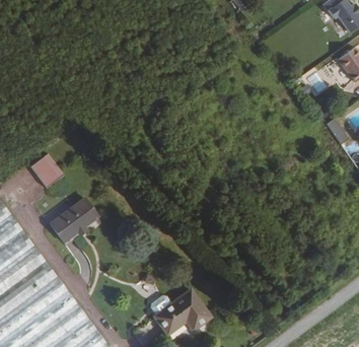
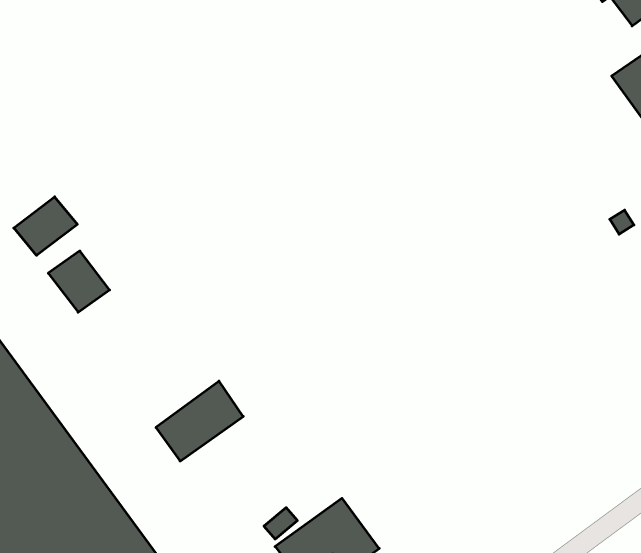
building: none -> [14,197,77,255]
building: [51,196,98,239] -> [156,381,243,461]

